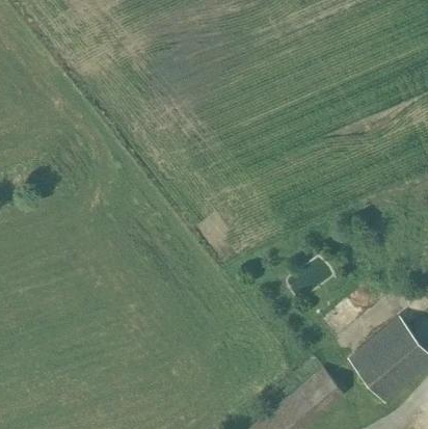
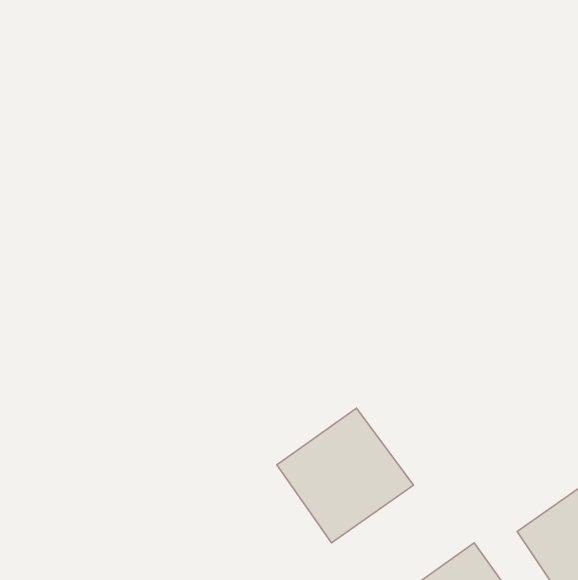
building: none -> [277,408,413,543]

